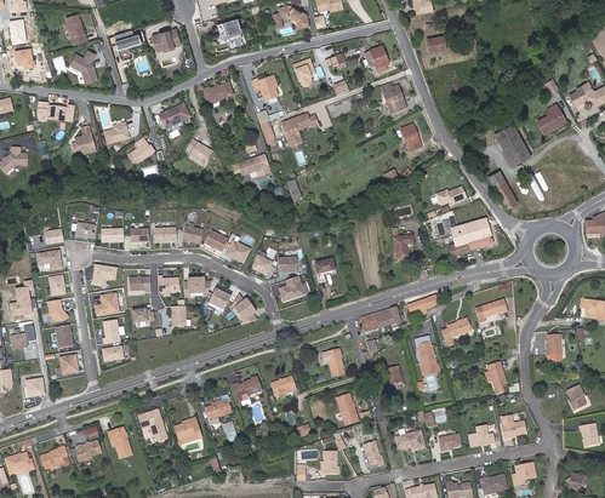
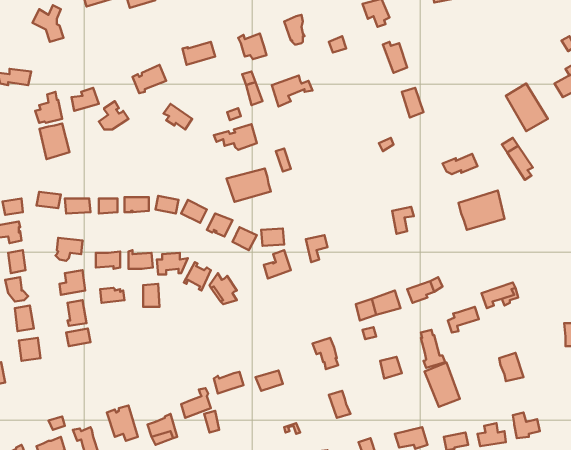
building: none -> [40,124,69,159]
building: none -> [226,168,271,202]
building: none -> [425,362,460,407]

